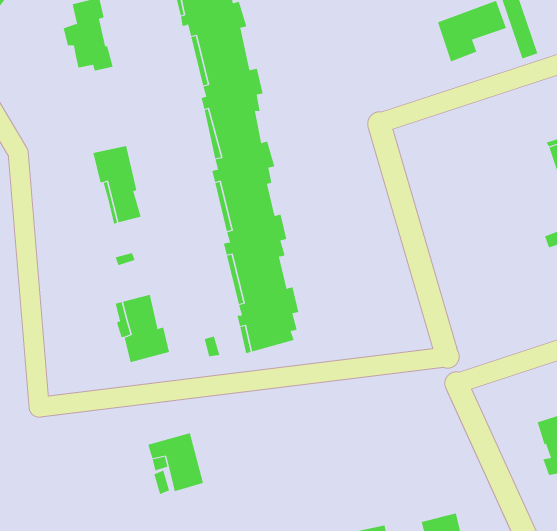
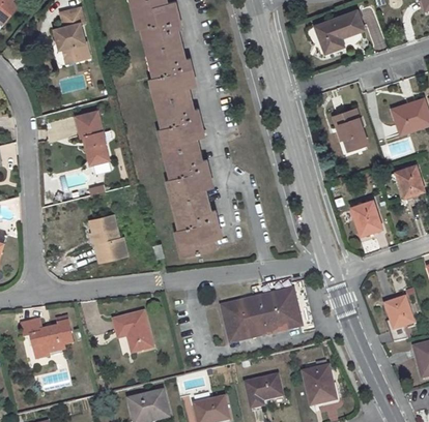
building: none -> [333,110,367,149]
building: none -> [352,201,381,235]
building: none -> [221,289,302,342]
building: none -> [22,318,73,358]

